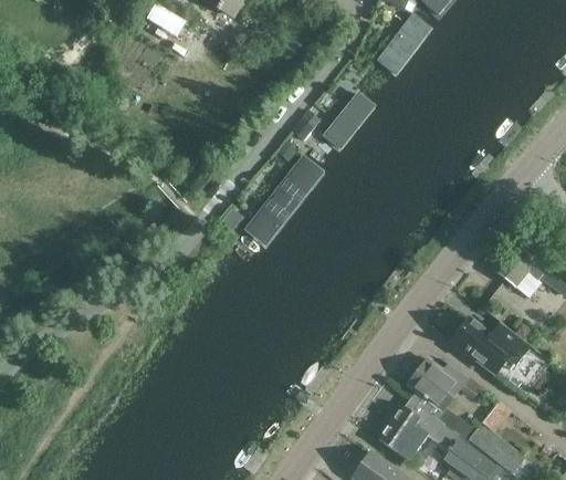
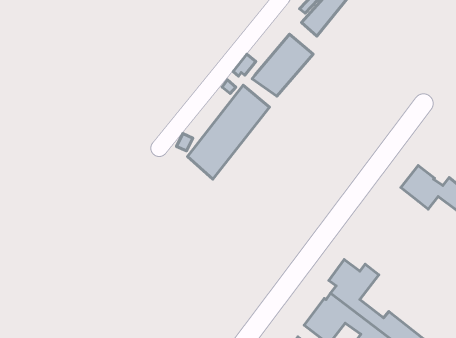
building: [451,306,548,395] -> none

